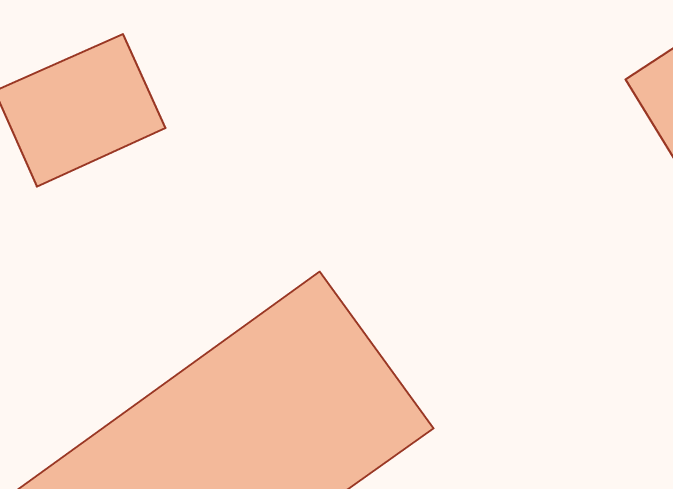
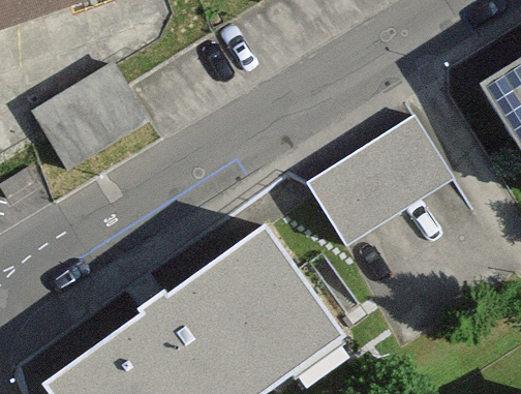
building: none -> [307,116,455,247]

